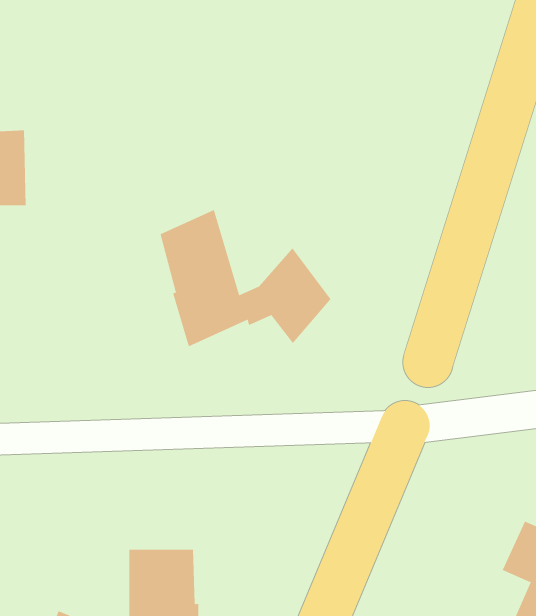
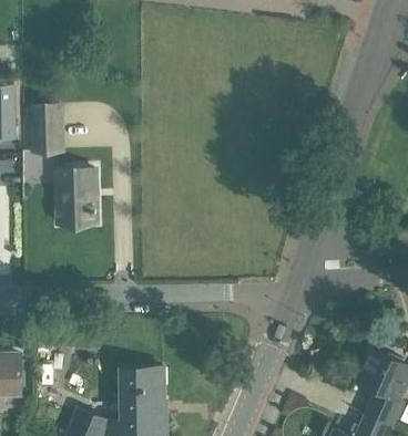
building: [160,209,331,347] -> none
building: none -> [58,169,96,224]

